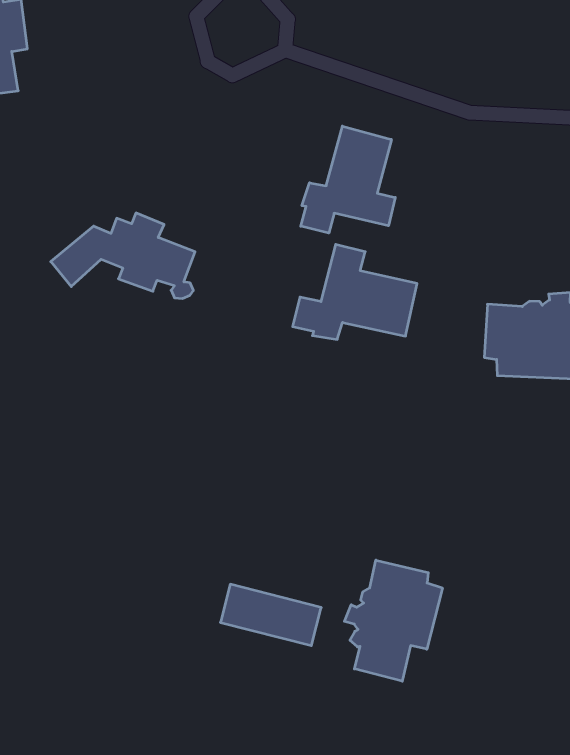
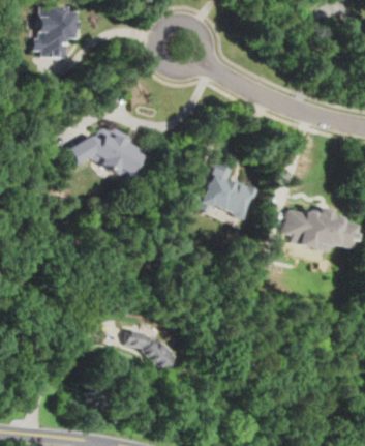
building: [301,126,395,233] -> none
building: [344,560,442,681] -> none

